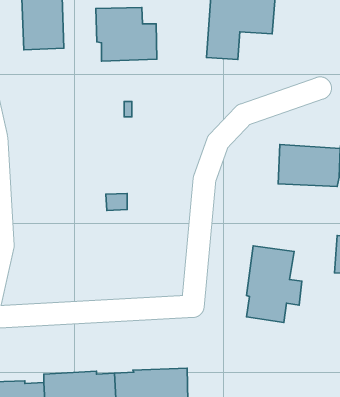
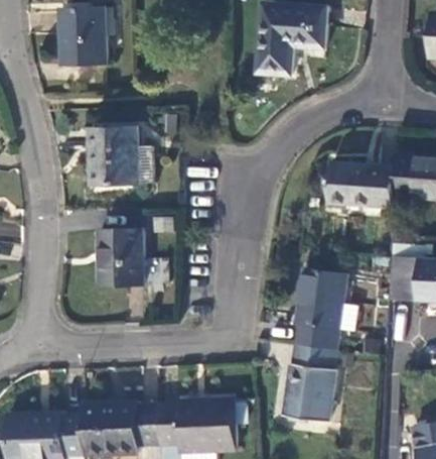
building: [96,7,157,61] -> [90,128,154,185]
building: none -> [99,227,143,284]
building: none -> [283,344,336,422]

